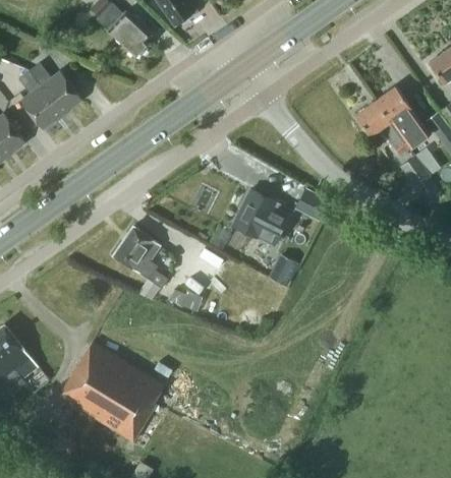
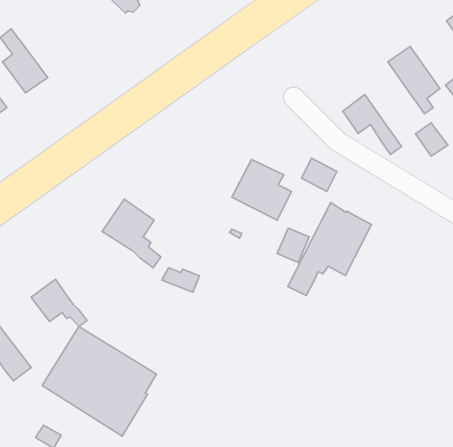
building: [30,62,82,114] -> none
building: [355,100,409,155] -> [343,95,401,154]
building: none -> [288,202,371,296]
building: none -> [31,279,87,327]

